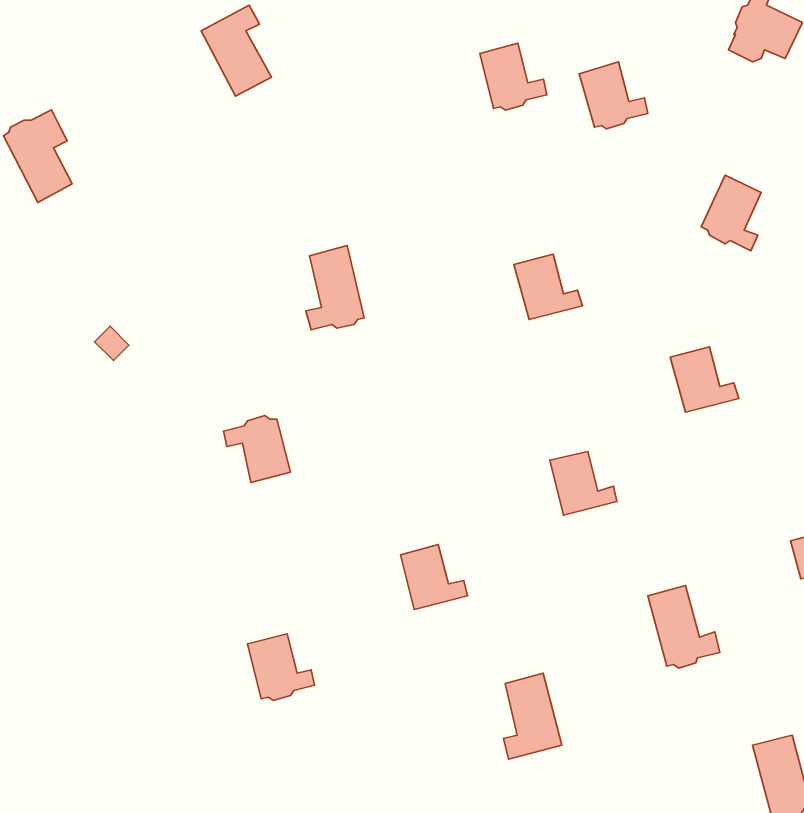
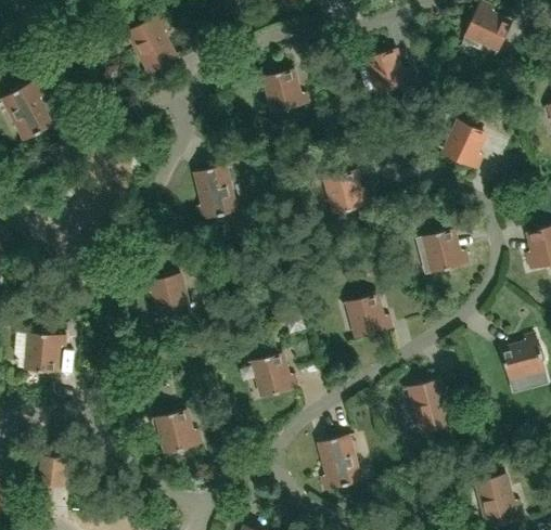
building: [480,43,547,110] -> [266,70,308,113]
building: none -> [28,332,66,372]
building: none -> [37,456,65,486]

